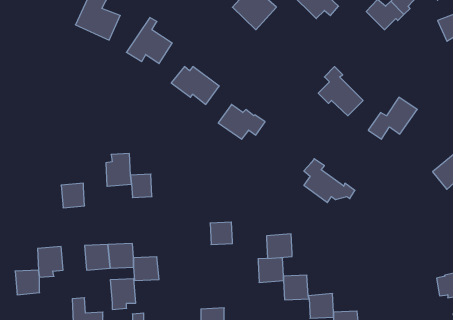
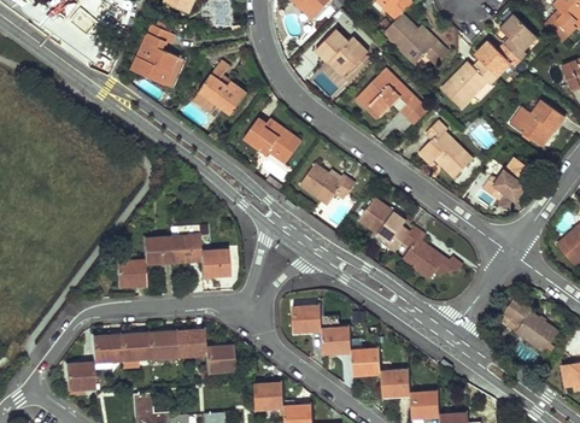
building: none -> [444,59,498,107]
building: none -> [358,69,429,123]
building: none -> [515,98,567,145]
building: none -> [361,200,411,254]
building: none -> [140,234,170,263]
building: none -> [503,298,561,354]
building: [267,234,292,258] -> [318,324,348,353]
building: [110,279,136,309] -> [116,331,146,368]
building: none -> [251,383,281,413]

